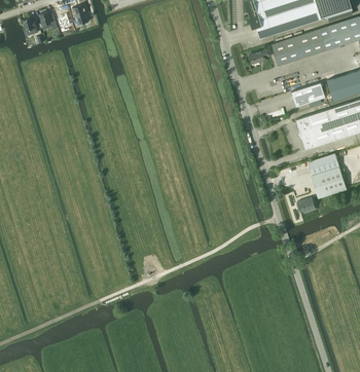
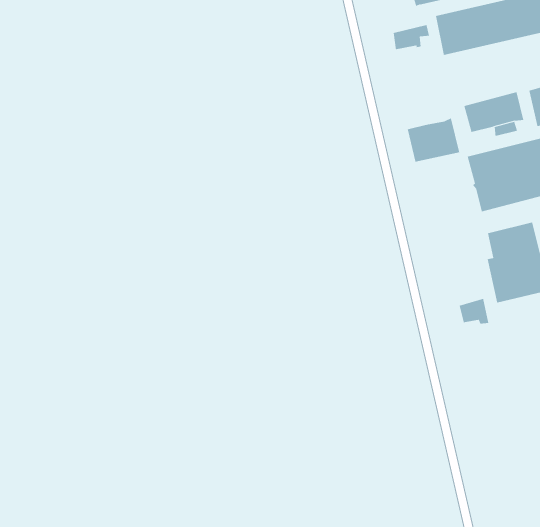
building: none -> [407,117,460,162]

